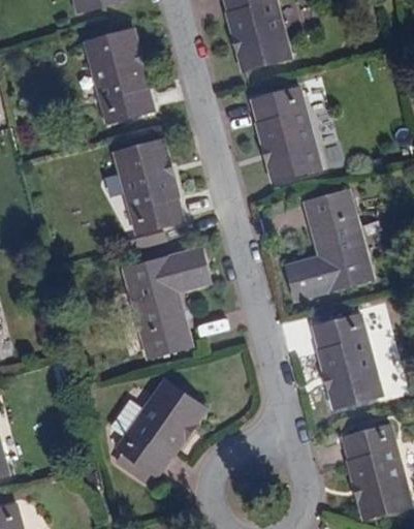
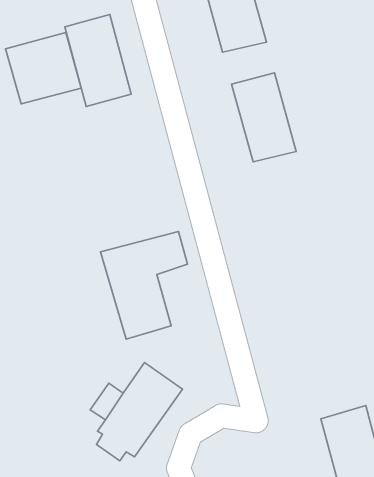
building: none -> [5,33,81,104]
building: [116,142,183,232] -> none
building: [288,191,373,300] -> none
building: [314,316,381,407] -> none

